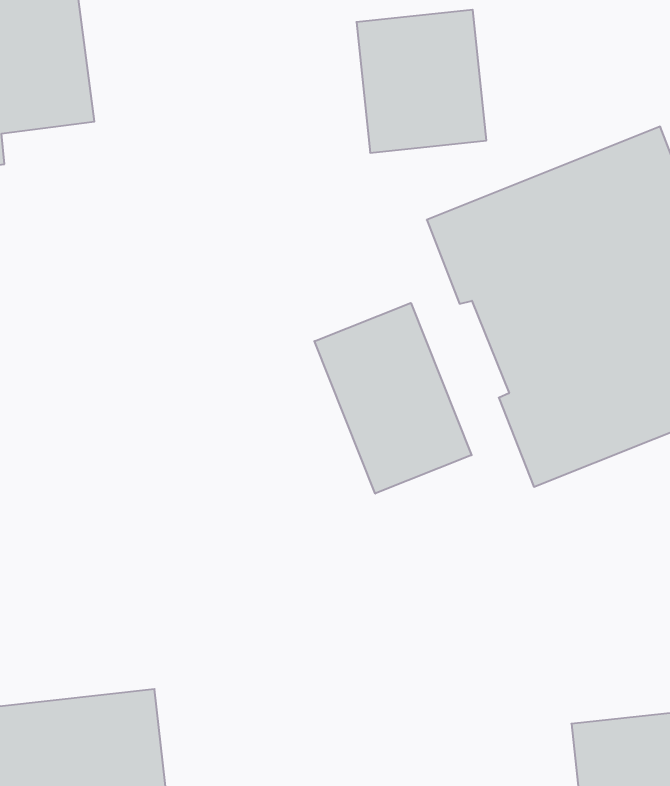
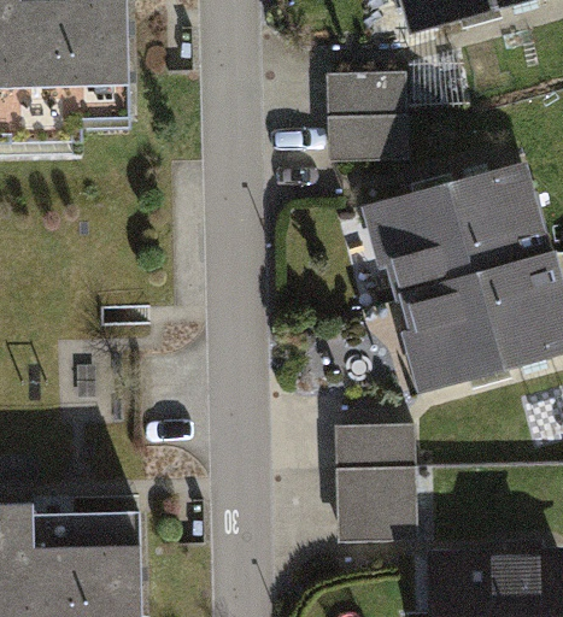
building: [314,303,472,494] -> none
building: none -> [330,422,412,540]

